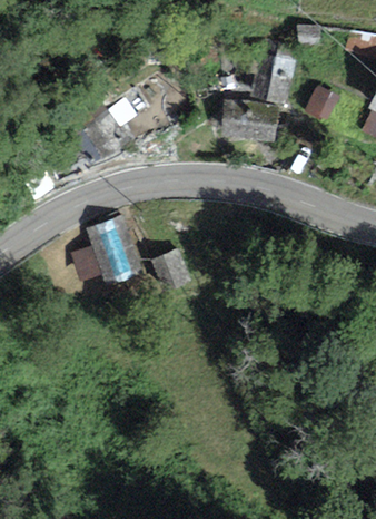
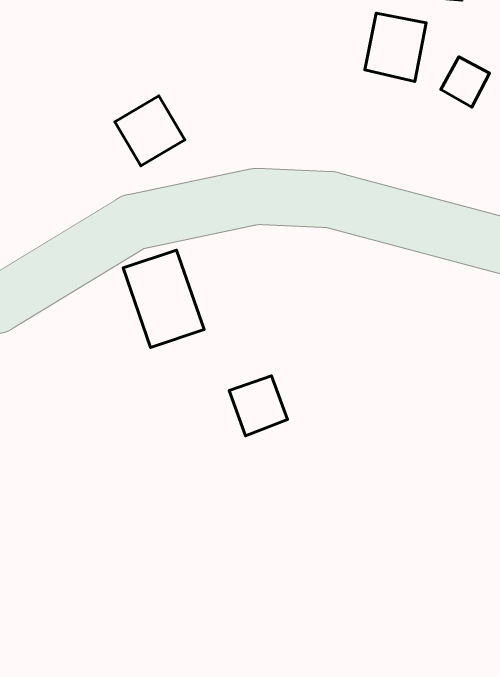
building: [221,102,278,139] -> none
building: [150,248,190,290] -> [229,376,288,436]

